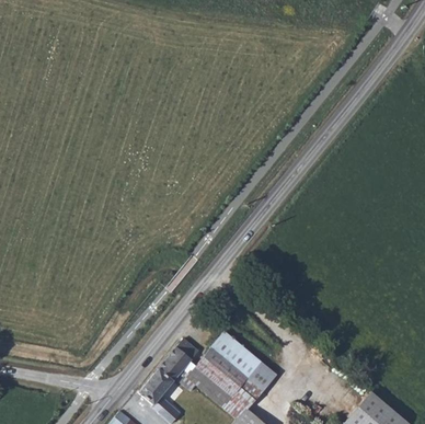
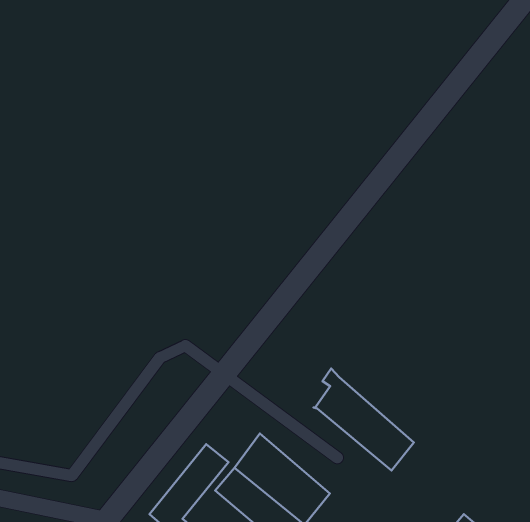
building: none -> [314,369,414,470]

